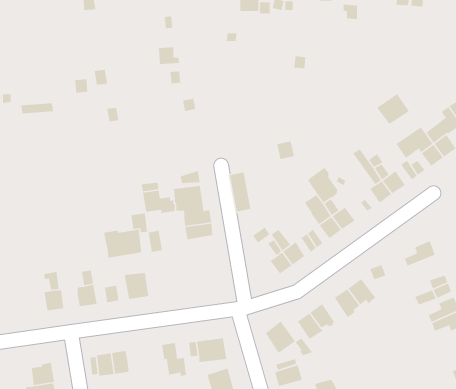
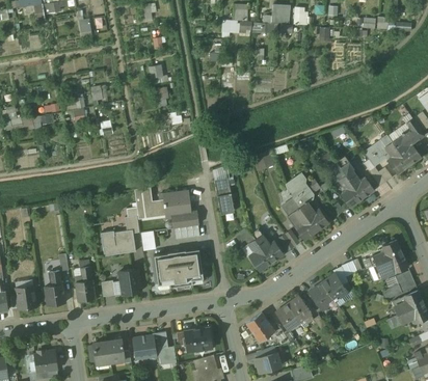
building: [376,93,410,125] -> none
building: none -> [157,250,204,288]
building: none -> [375,253,407,277]
building: none -> [15,285,35,308]
building: none -> [132,336,156,358]

